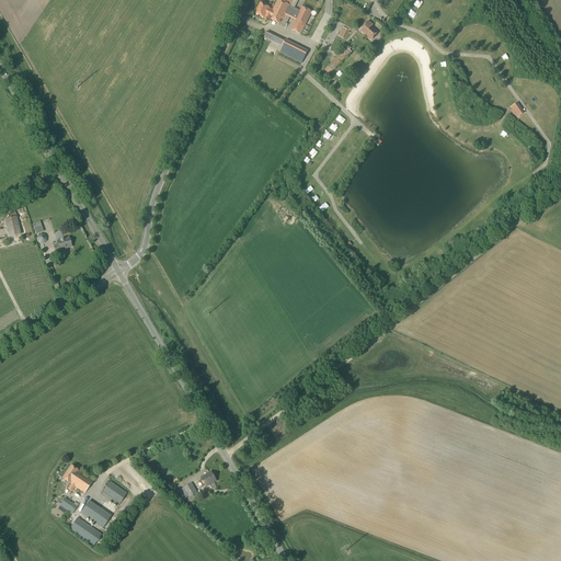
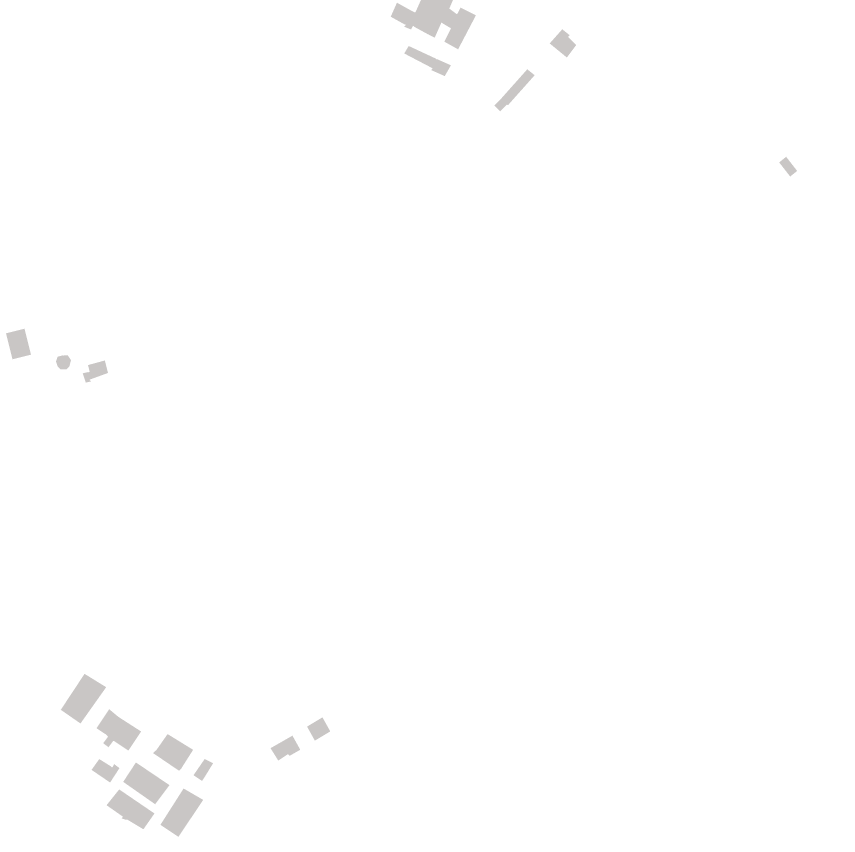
building: none -> [60,673,107,725]
building: none -> [159,788,204,838]

